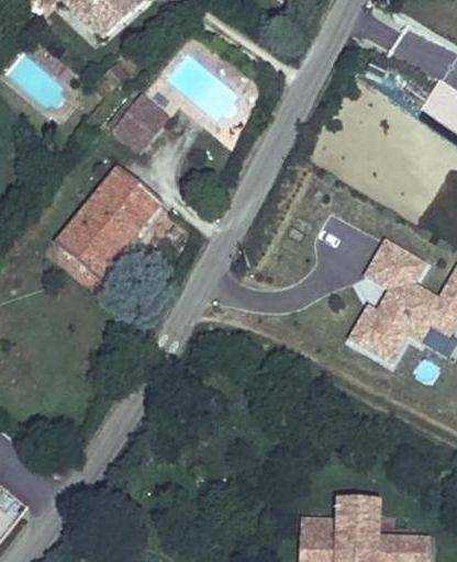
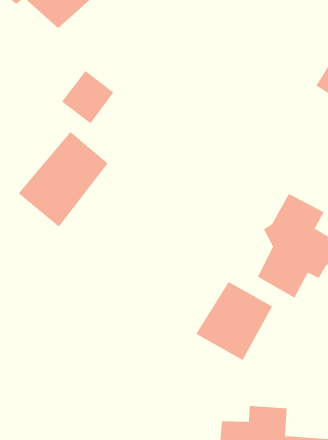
building: none -> [196,281,273,361]

